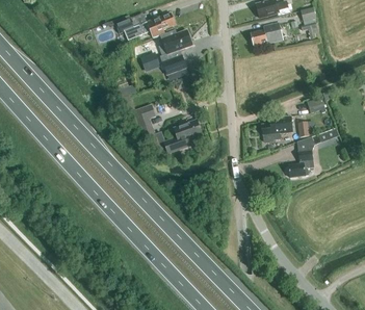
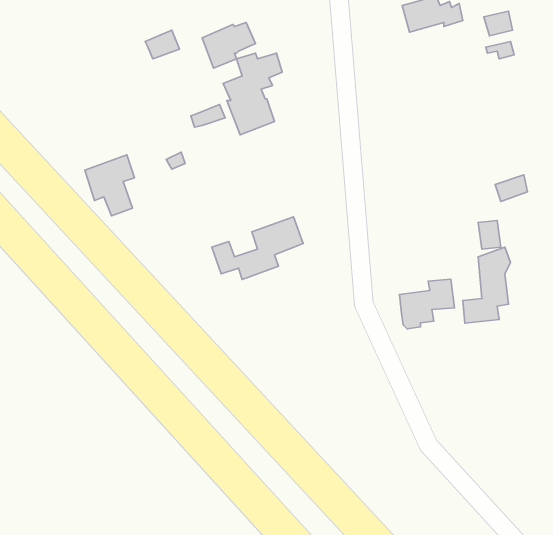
building: [251,23,283,46] -> none
building: [129,104,156,137] -> [85,155,134,216]
building: [262,117,292,144] -> [399,279,455,329]

